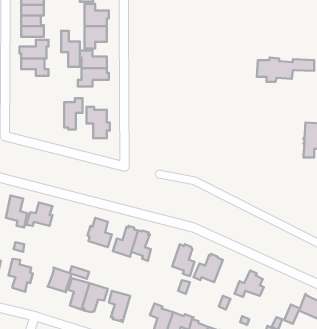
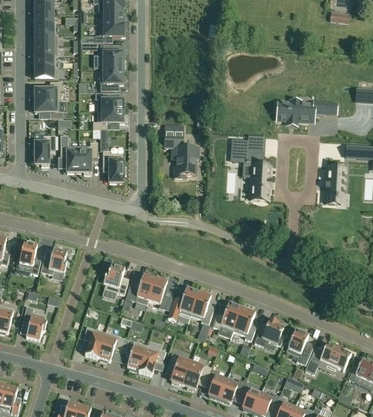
building: [61,31,80,67] -> [60,134,79,171]
building: none -> [164,132,197,176]
building: none -> [33,135,55,165]
building: none -> [230,139,271,199]
building: none -> [168,286,198,320]
building: none -> [233,307,256,340]
building: [47,266,89,292] -> none
building: none -> [286,329,313,364]
building: none -> [139,344,166,374]

